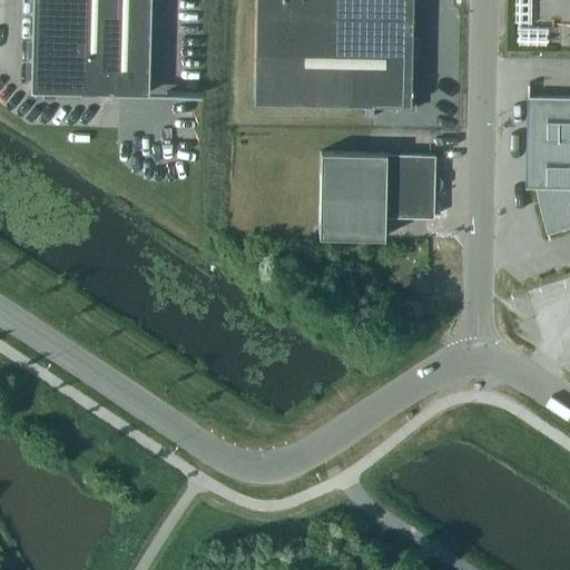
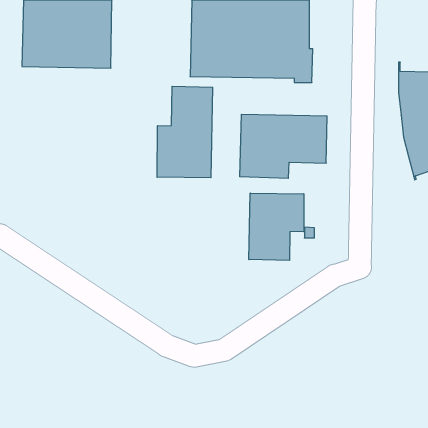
building: none -> [157,86,213,178]
building: none -> [249,193,304,260]

